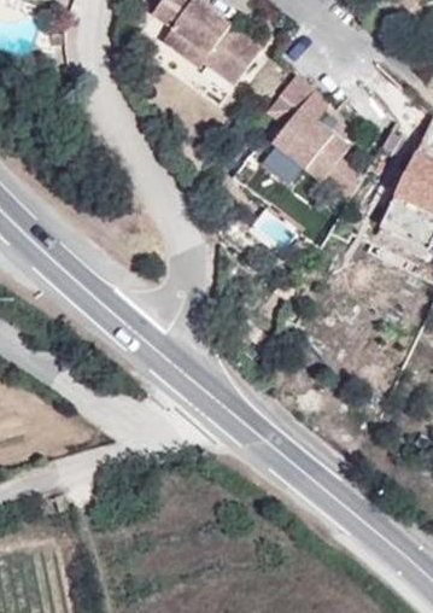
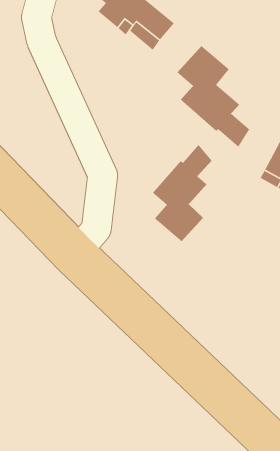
building: none -> [152,144,213,242]

